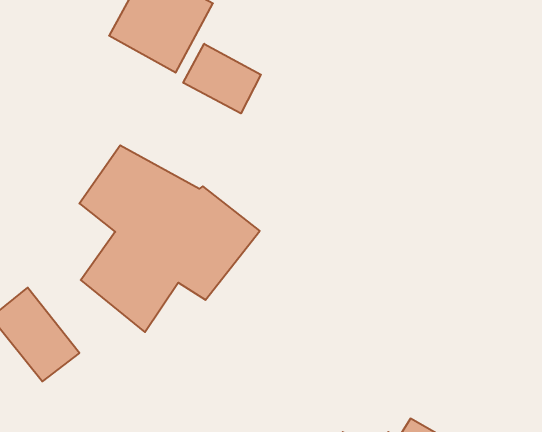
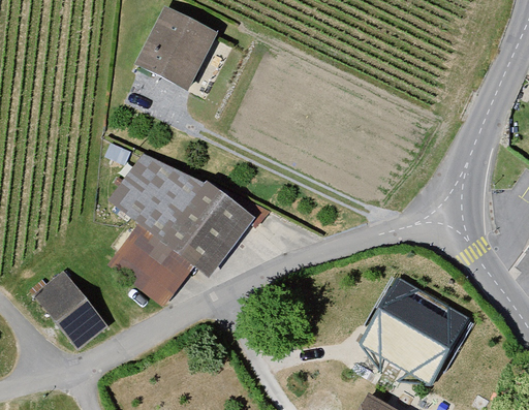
building: [183,44,261,113] -> none
building: none -> [363,276,472,384]

